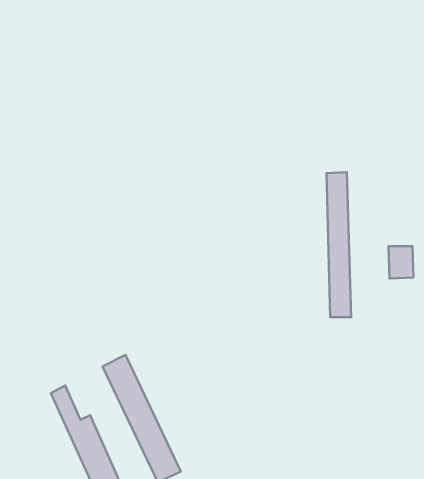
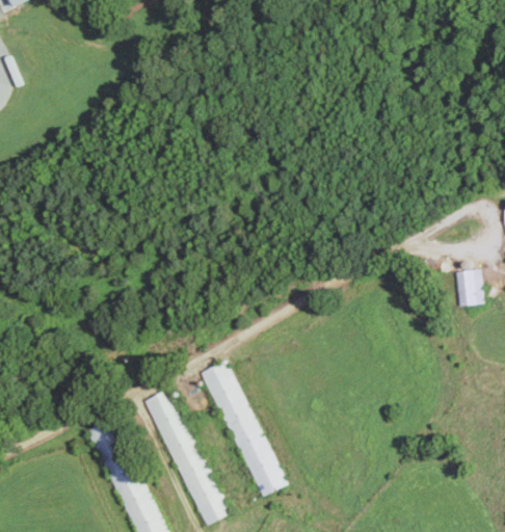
building: [326,172,351,317] -> none
building: none -> [203,360,286,499]

